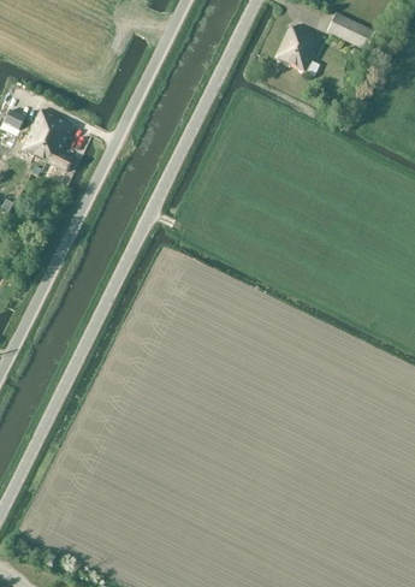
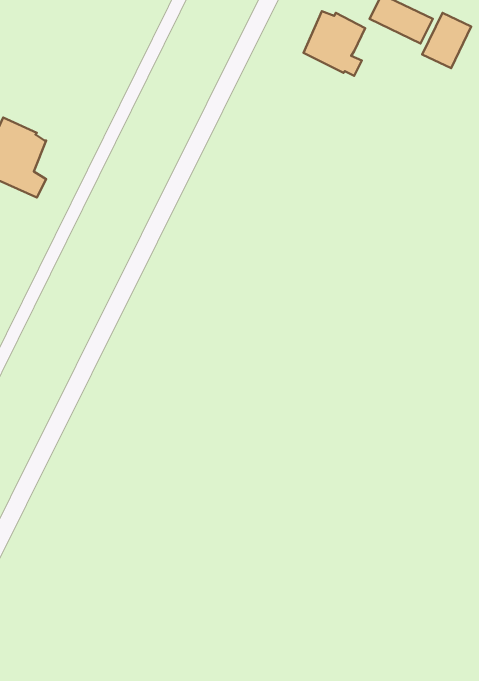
building: none -> [422,13,471,68]

